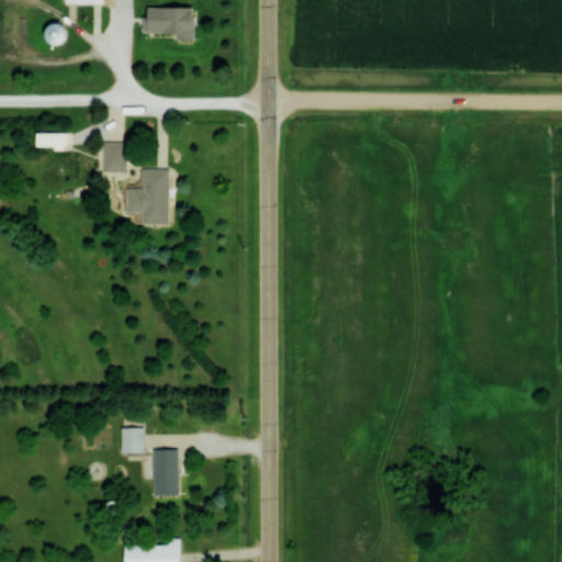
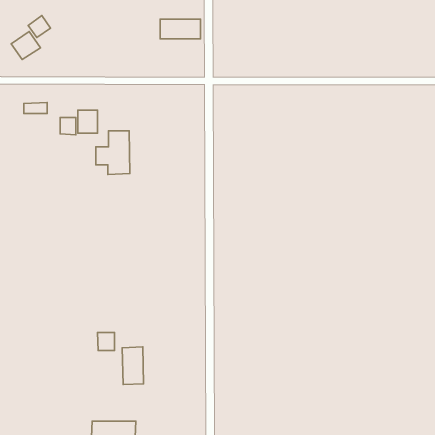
building: [140,10,192,35] -> [160,19,200,39]
building: none -> [11,31,41,59]
building: none -> [60,117,76,135]

